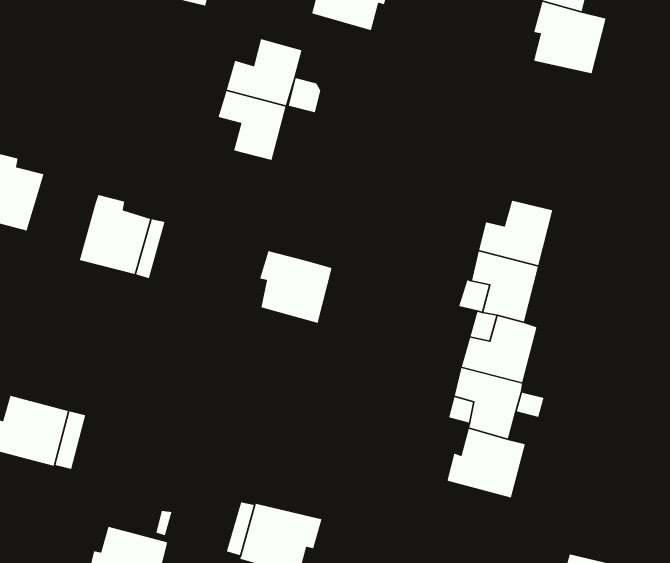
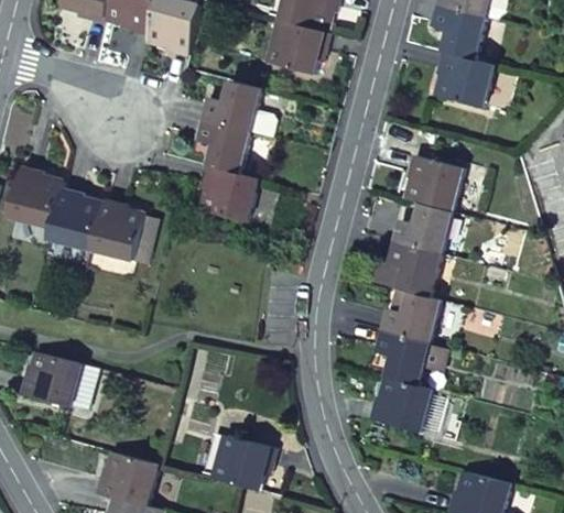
building: none -> [405,154,463,210]
building: none -> [47,187,101,249]
building: [259,250,333,324] -> [200,165,257,221]

